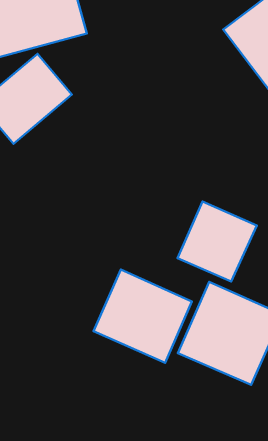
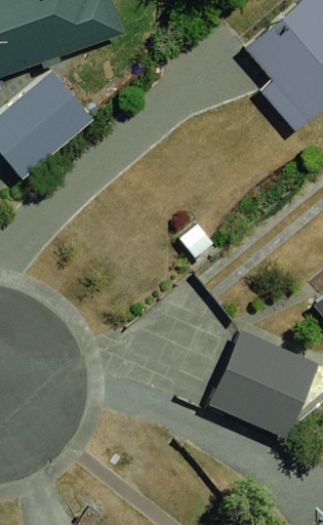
building: [178,201,257,281] -> none
building: [94,269,192,363] -> none

